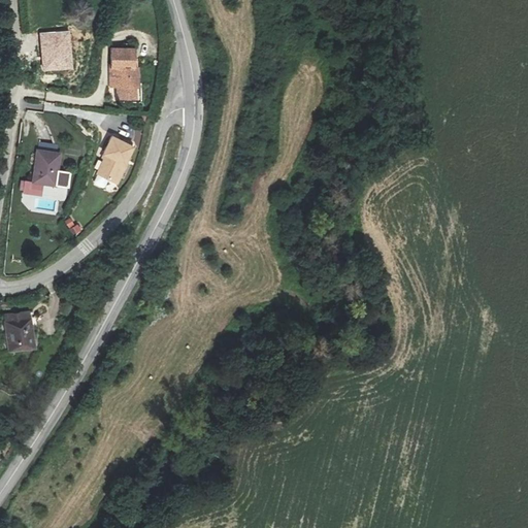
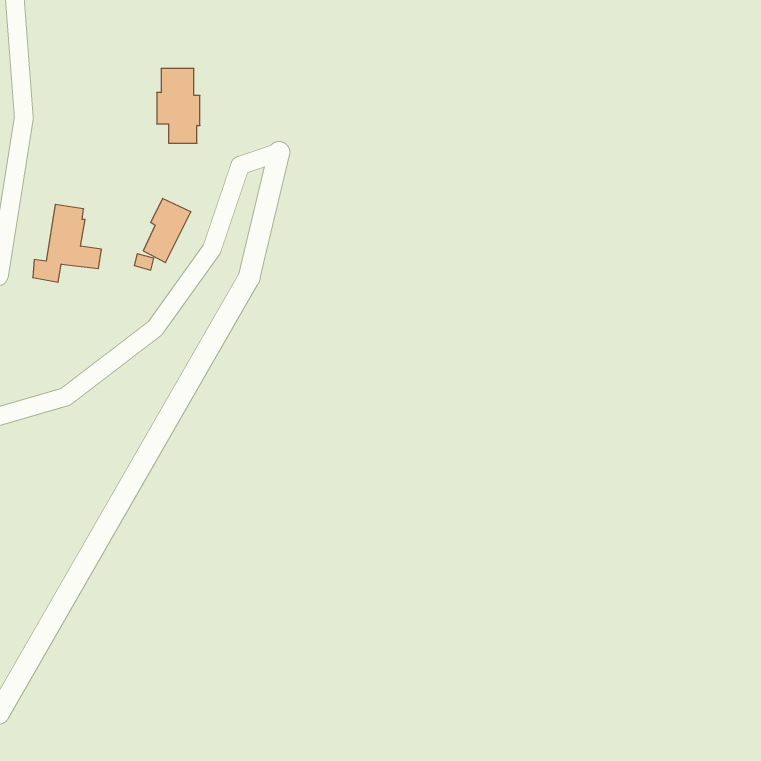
building: [40,31,70,69] -> none
building: [4,309,32,352] -> none

